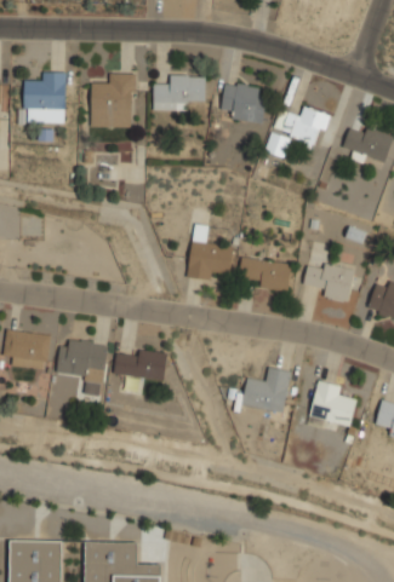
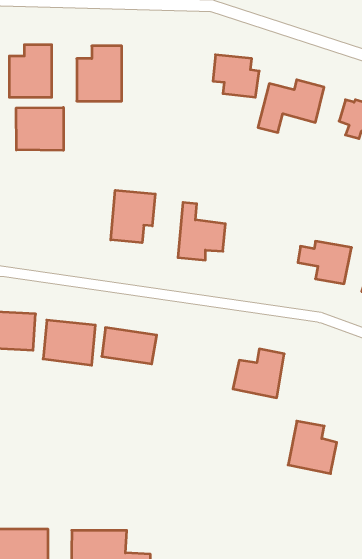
building: [154,75,206,111] -> none
building: none -> [16,107,63,150]
building: none -> [111,190,155,243]
building: [239,258,292,290] -> none
building: [309,380,356,431] -> [288,421,337,474]

